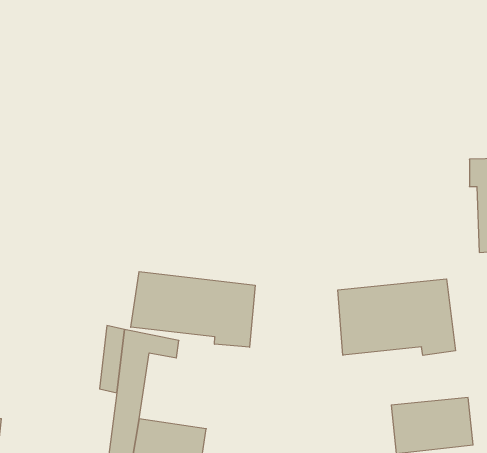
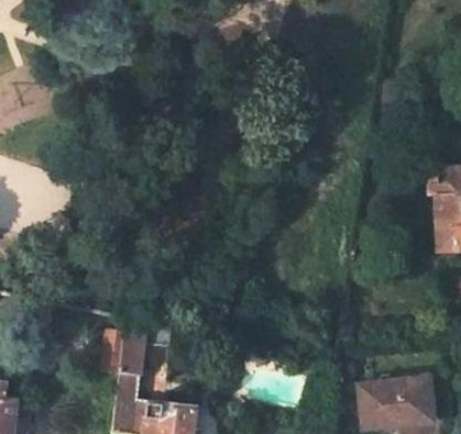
building: [131,272,255,347] -> none
building: [338,279,455,355] -> none

